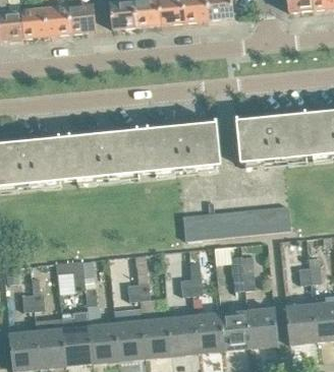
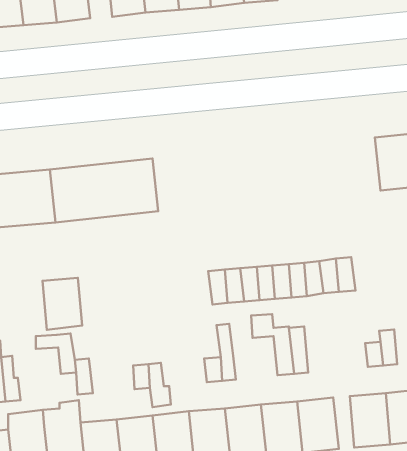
building: [236,117,309,162] -> none
building: [142,120,221,171] -> none
building: none -> [42,278,82,330]

